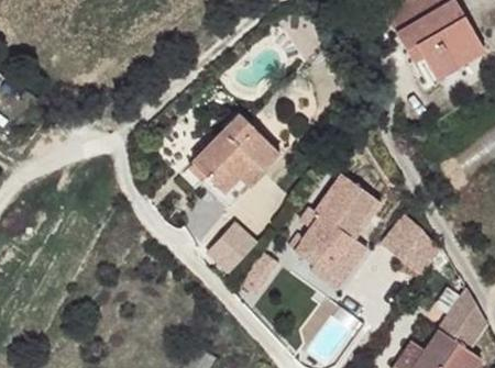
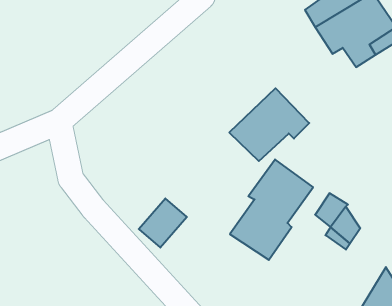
building: [190,114,276,192] -> [229,88,309,161]

